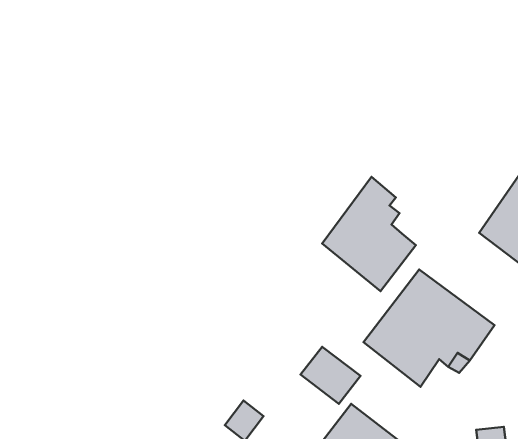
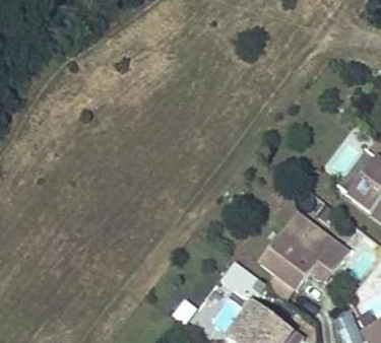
building: [322,177,416,291] -> none

